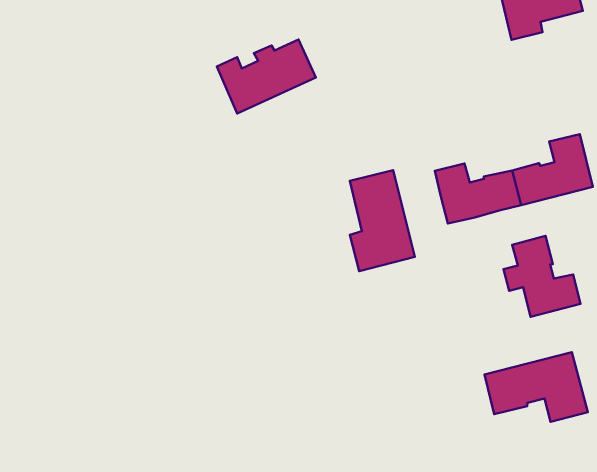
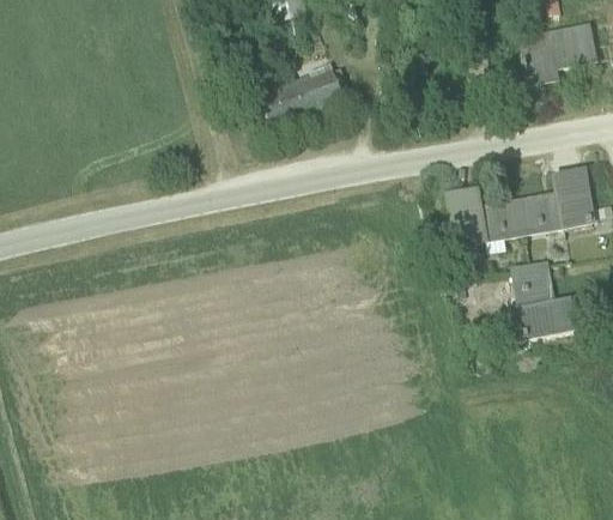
building: [350,170,415,271] -> none
building: [484,352,588,422] -> none

